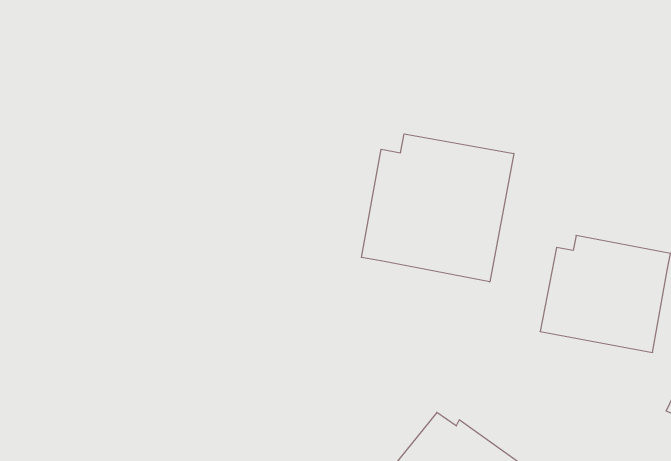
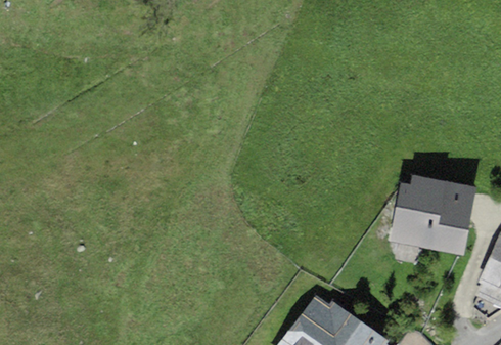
building: [361,134,514,282] -> none

